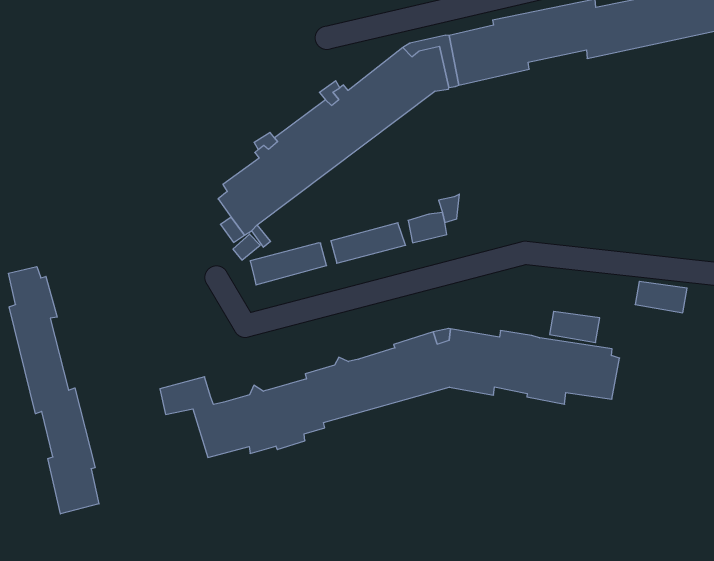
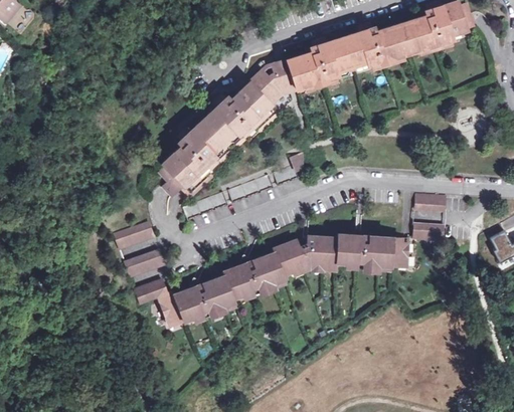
building: [9,267,99,514] -> none
building: none -> [116,223,154,249]
building: [550,311,600,343] -> [414,224,444,240]
building: none -> [126,250,164,276]

